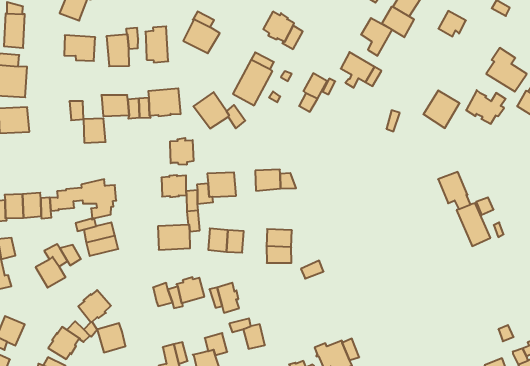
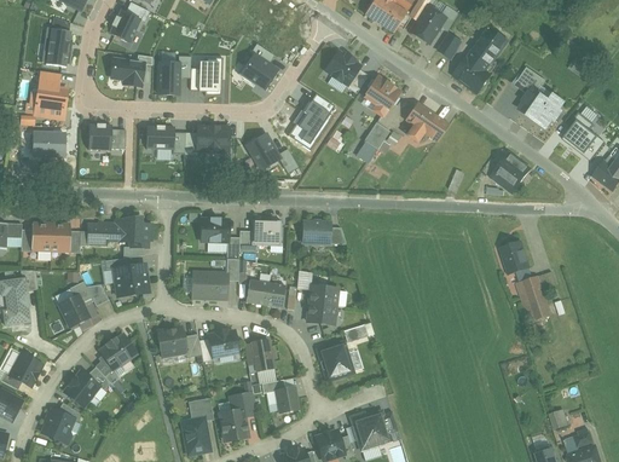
building: [361,18,392,56] -> [365,76,399,117]
building: [466,90,506,124] -> [519,88,562,126]
building: [83,119,106,143] -> [87,123,110,150]
building: [170,138,193,165] -> none
building: none -> [319,341,351,377]
building: [97,323,126,352] -> [156,327,185,357]

